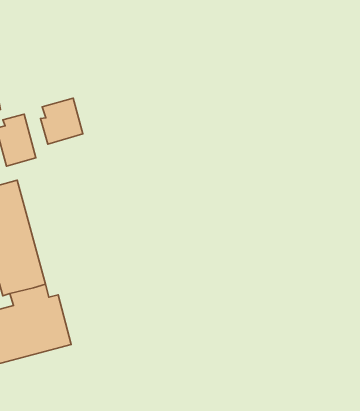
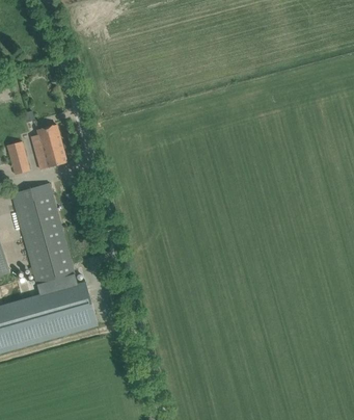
building: [41,98,83,144] -> none

